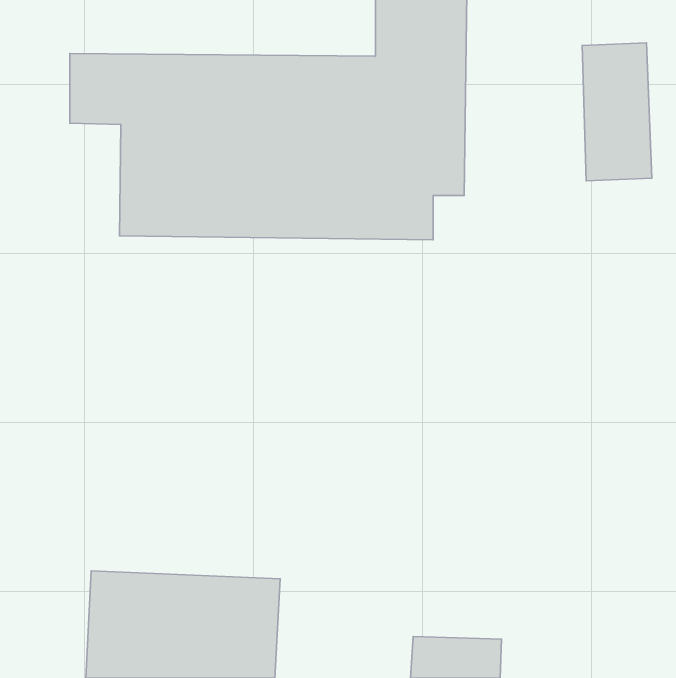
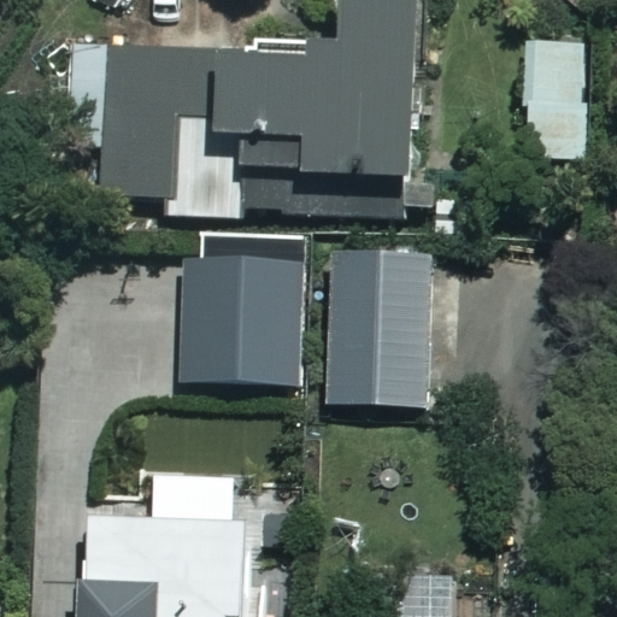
building: none -> [175,245,302,384]
building: none -> [328,253,452,405]

